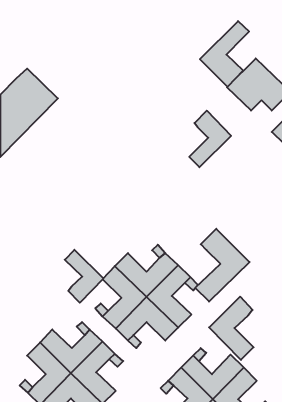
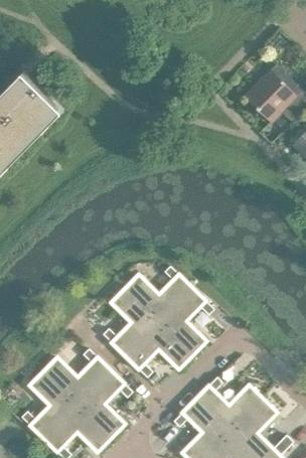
building: [200,21,249,87] -> none
building: [189,111,231,167] -> none
building: [195,229,250,302] -> none
building: [65,250,103,303] -> none
building: [209,297,254,360] -> none

